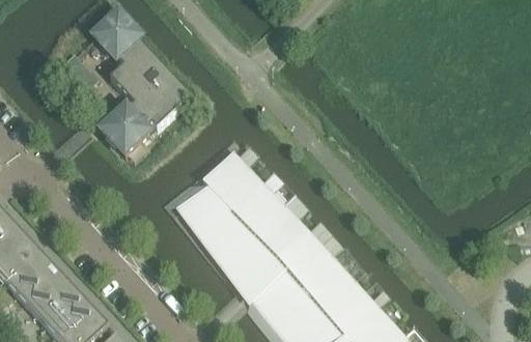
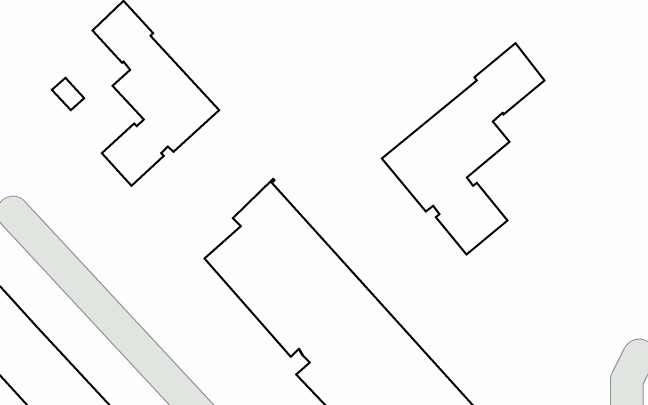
building: none -> [382,43,545,255]

